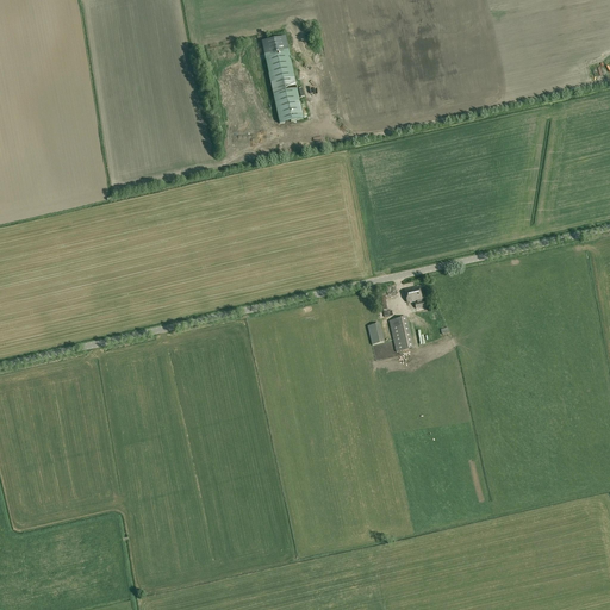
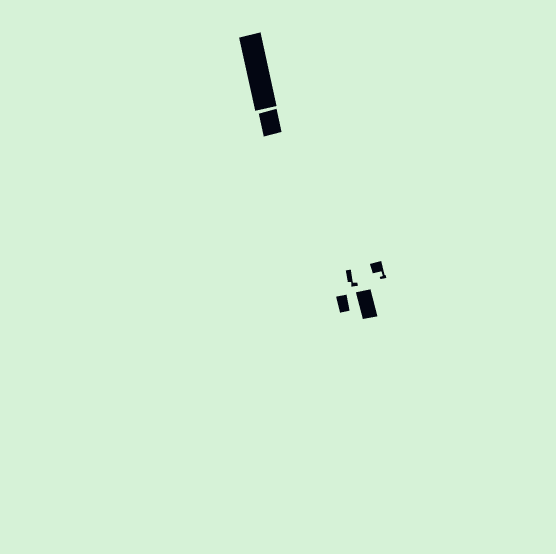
building: none -> [258,108,283,138]

